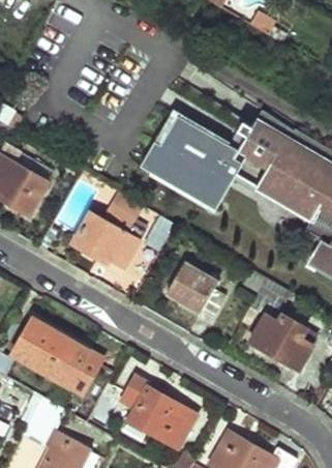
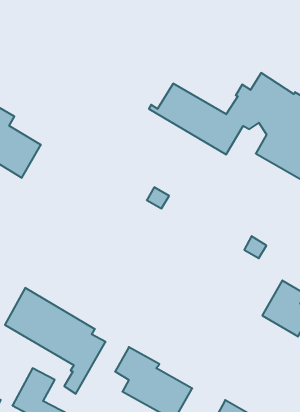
building: [140,145,228,210] -> none
building: [73,203,144,264] -> none
building: [165,261,224,321] -> none

